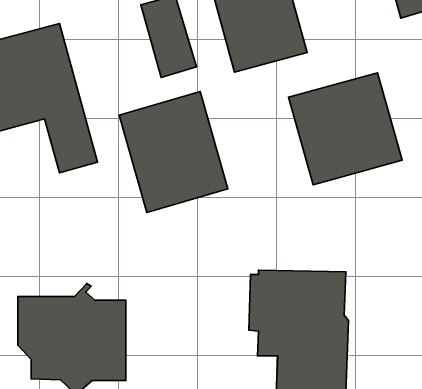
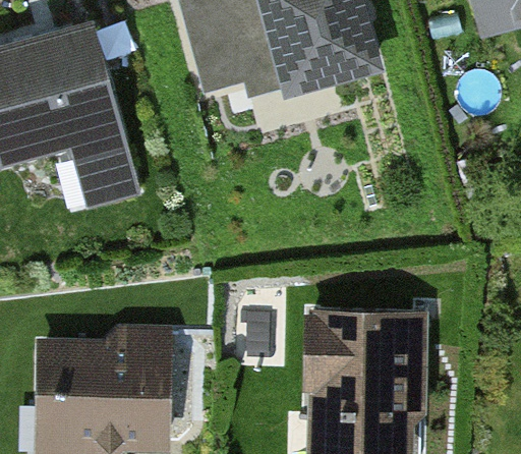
building: [288,73,402,185] -> none
building: [119,92,228,212] -> none

